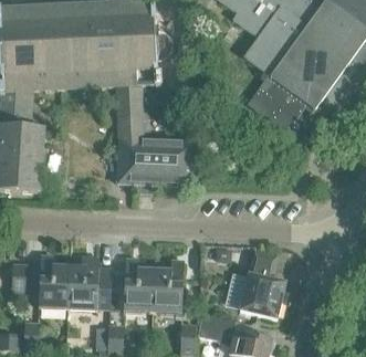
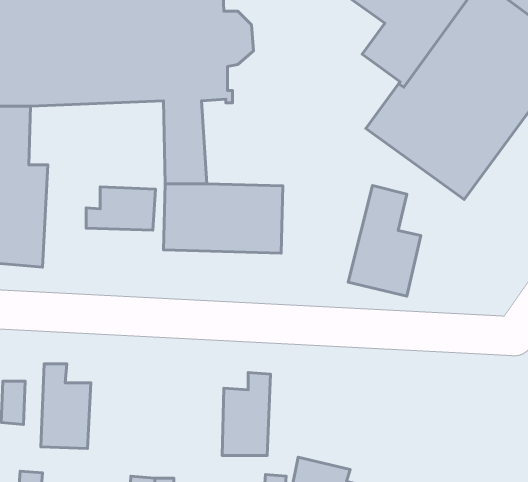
building: none -> [86,187,156,230]
building: [238,249,284,319] -> [348,185,421,296]
building: [66,254,111,309] -> none
building: [123,258,154,312] -> none

